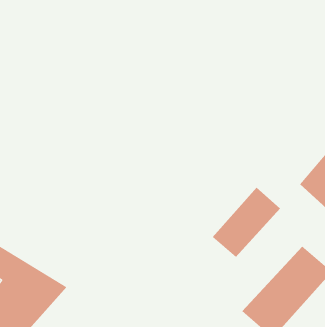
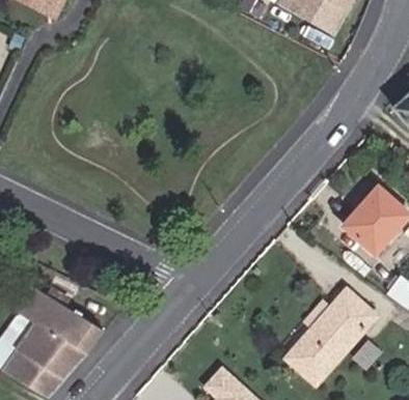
building: [212,187,281,258] -> none

